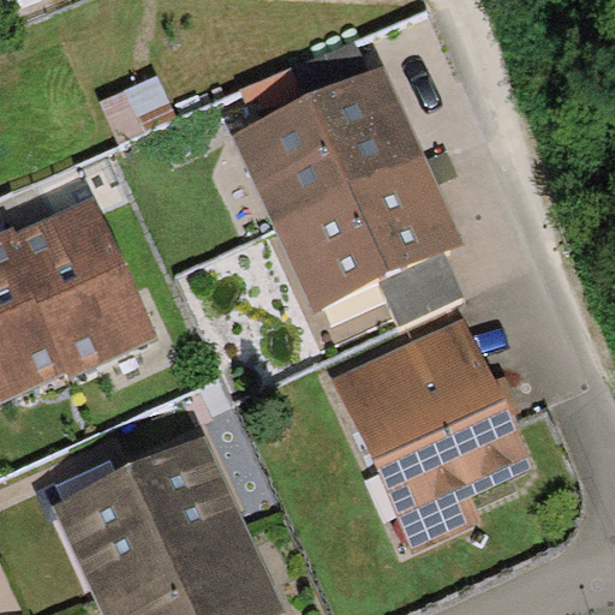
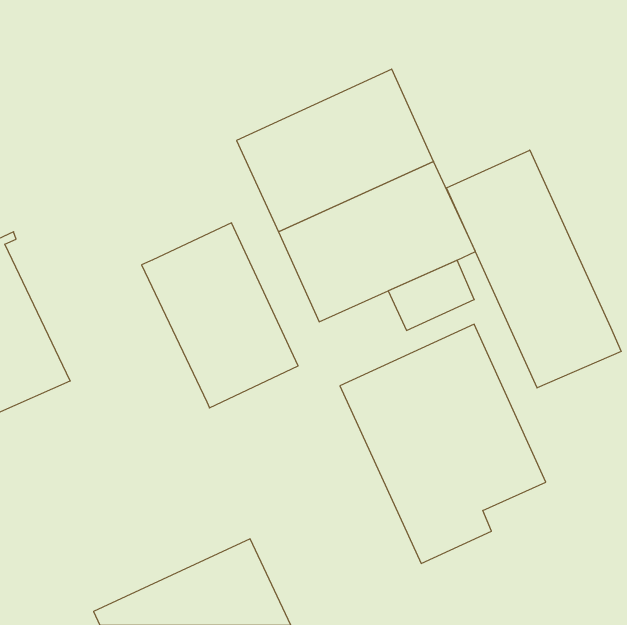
building: none -> [447,150,621,388]
building: [5,197,157,377] -> [142,223,298,408]
building: [49,436,244,596] -> none

